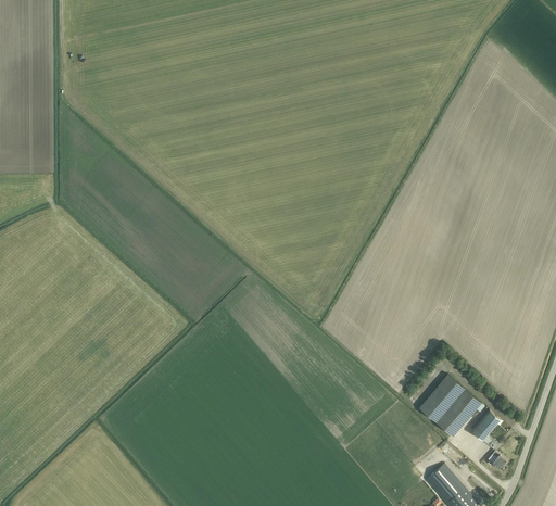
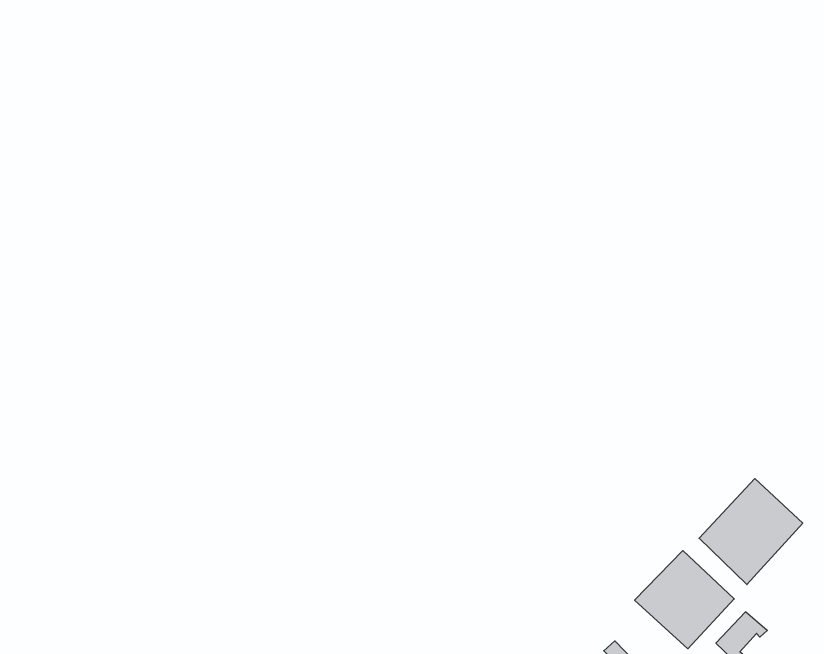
building: none -> [699,479,803,585]

